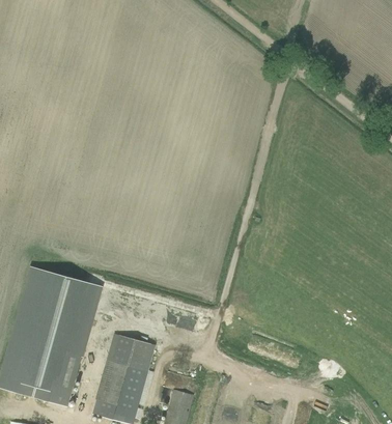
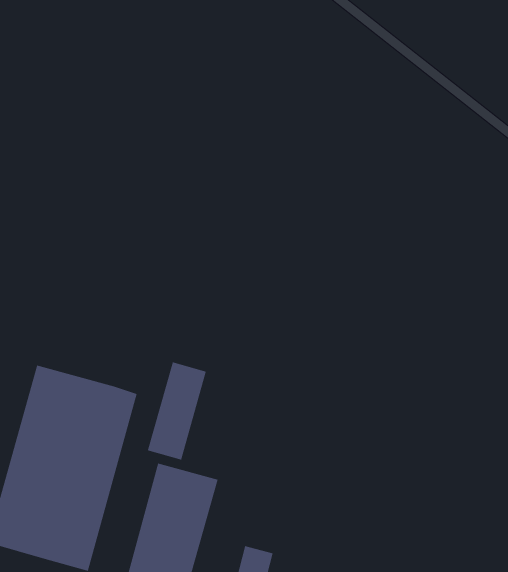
building: none -> [147,362,207,460]

